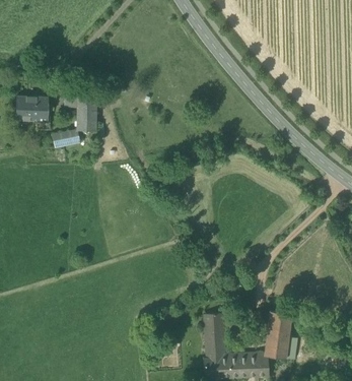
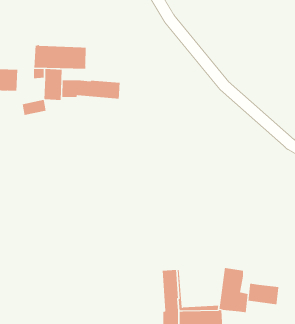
building: none -> [34,44,86,70]
building: none -> [62,79,120,99]
building: none -> [248,283,279,305]

